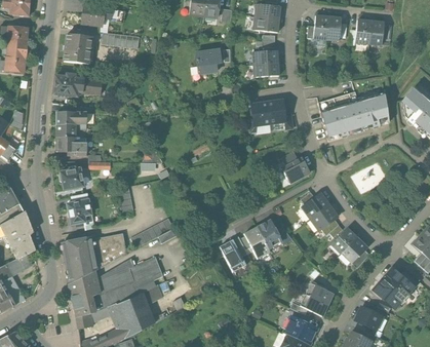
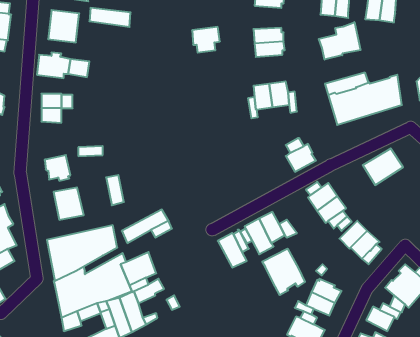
building: none -> [319,22,361,60]
building: [57,137,86,155] -> none
building: none -> [262,249,305,295]

